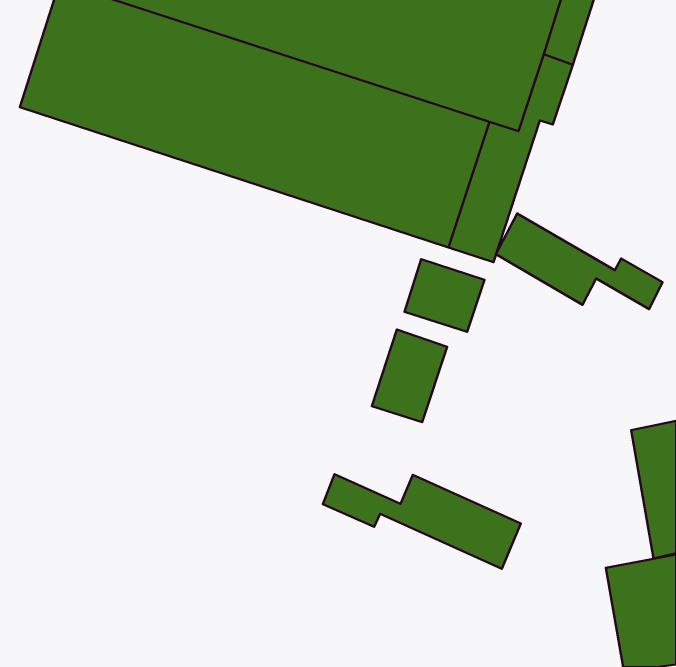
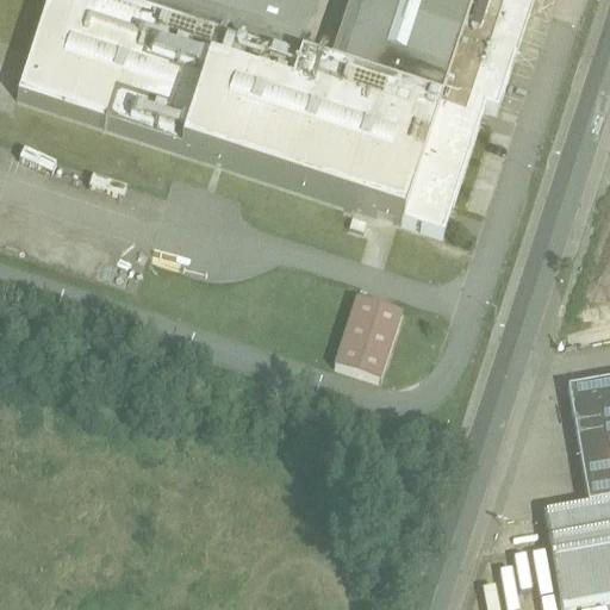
building: [496,214,662,309] -> none
building: [404,259,485,332] -> none
building: [323,474,521,569] -> none

